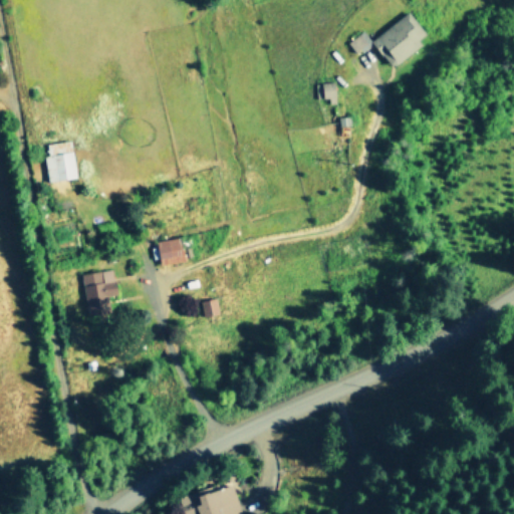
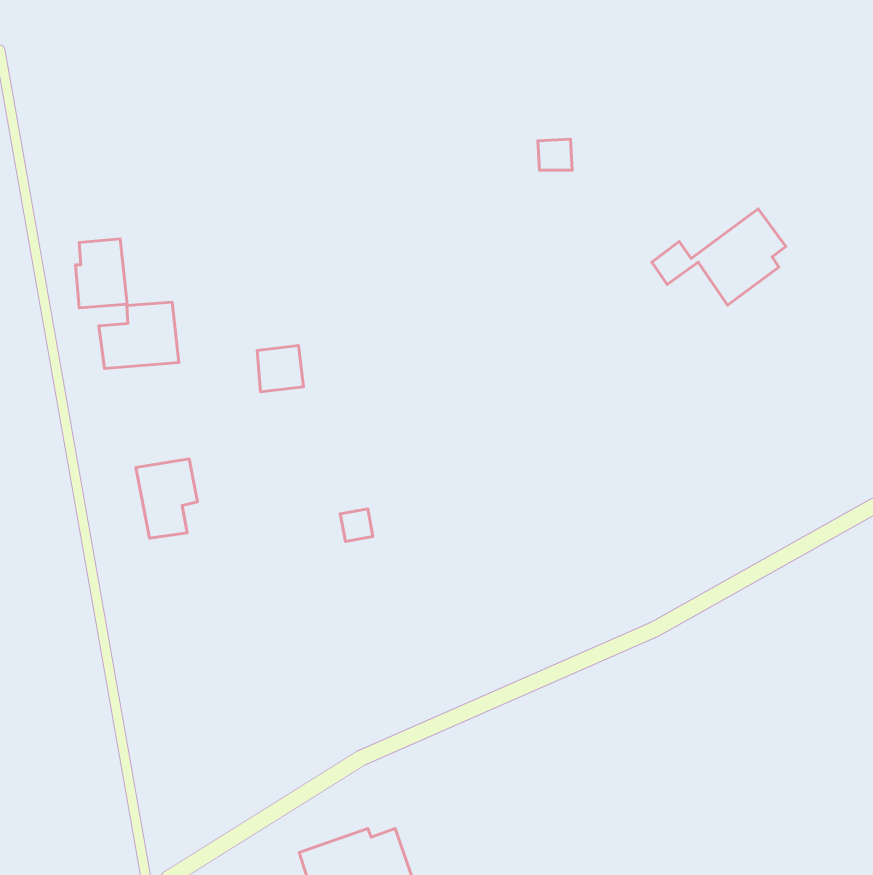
building: [349,12,428,68] -> [652,209,786,305]
building: none -> [99,302,179,368]
building: [159,239,186,266] -> [257,346,304,392]

